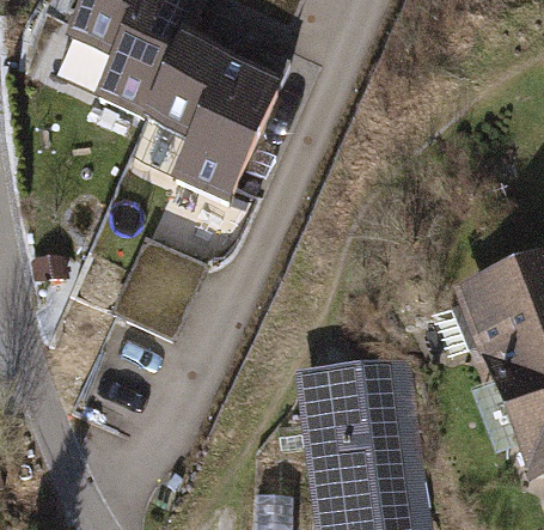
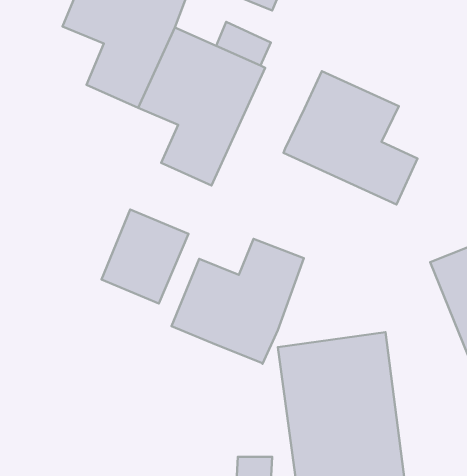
building: none -> [283,71,418,205]
building: none -> [171,239,304,364]

